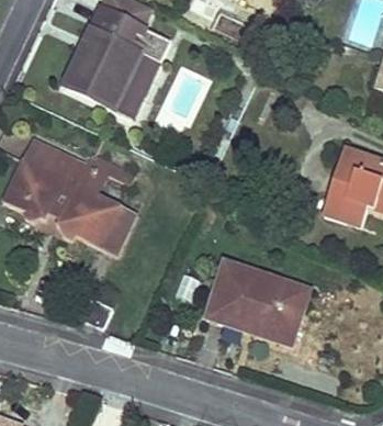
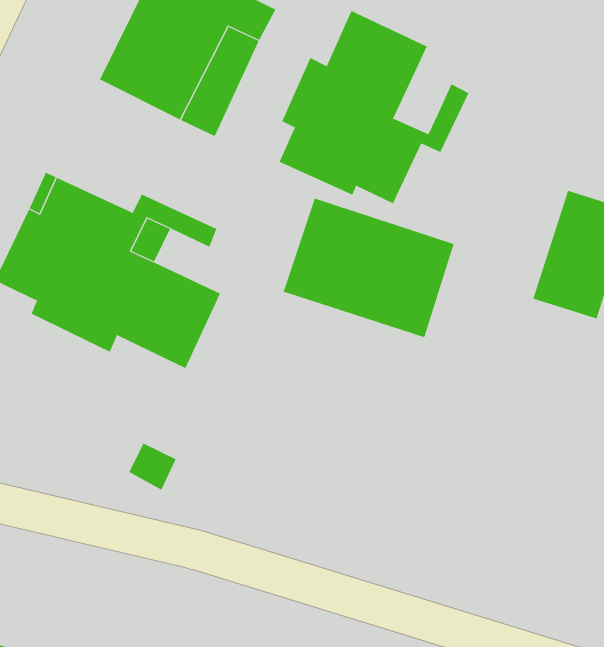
building: none -> [279,10,469,204]
building: [205,261,307,345] -> [283,198,454,338]

